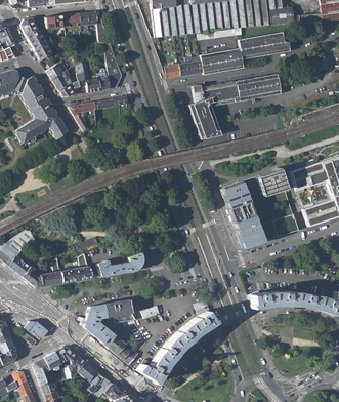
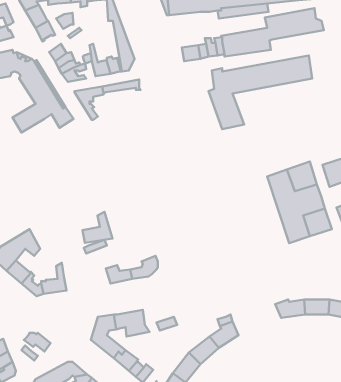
building: [220,182,260,247] -> none
building: [66,254,92,282] -> [83,212,113,243]

